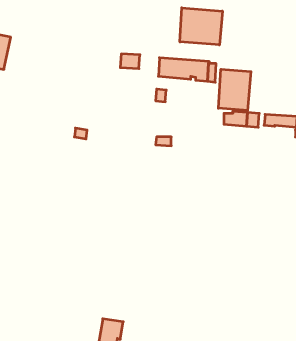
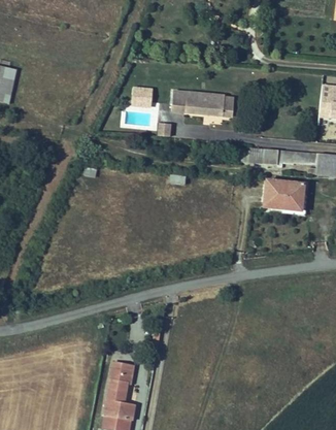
building: [180,8,222,45] -> none
building: [218,69,251,110] -> none
building: none -> [264,179,304,210]

